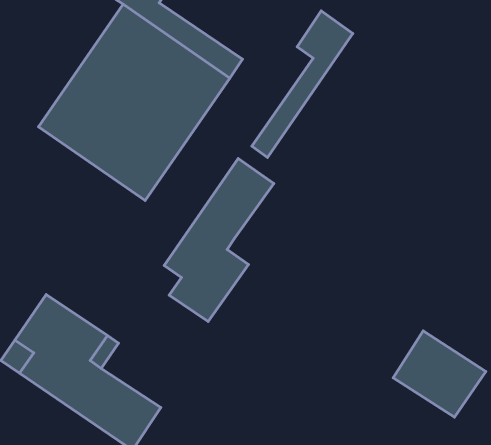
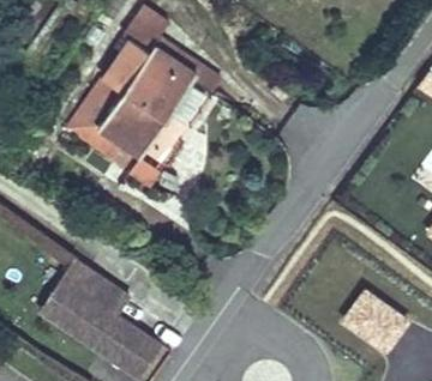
building: [252,11,353,158] -> none
building: [164,158,274,322] -> none

